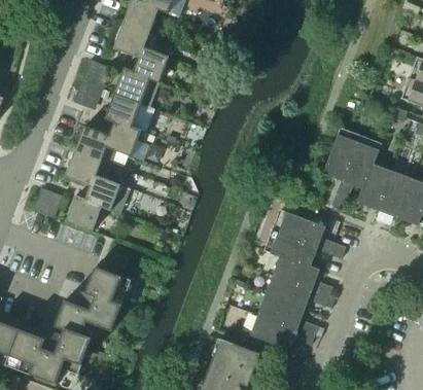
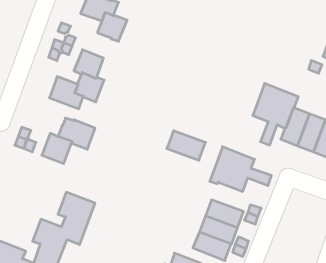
building: [115,67,160,107] -> none
building: [66,151,111,186] -> none
building: [273,254,320,290] -> [167,131,206,160]

